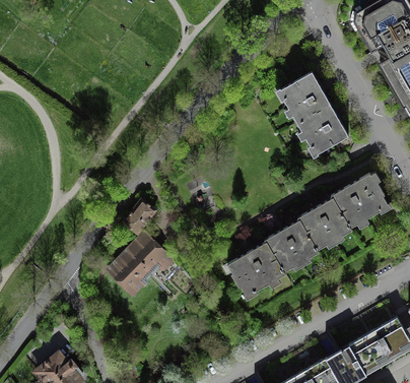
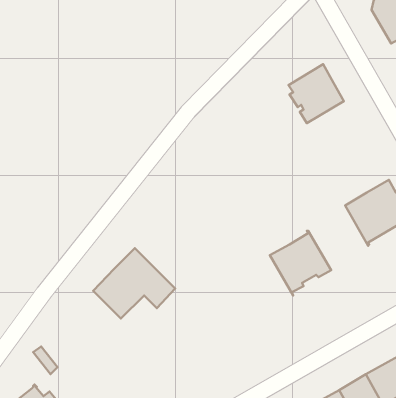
building: [297,105,348,154] -> none
building: [298,196,351,253] -> none
building: [125,201,155,234] -> none
building: [227,240,285,296] -> none

